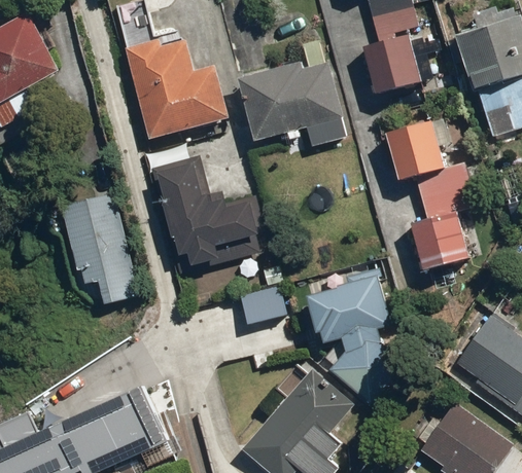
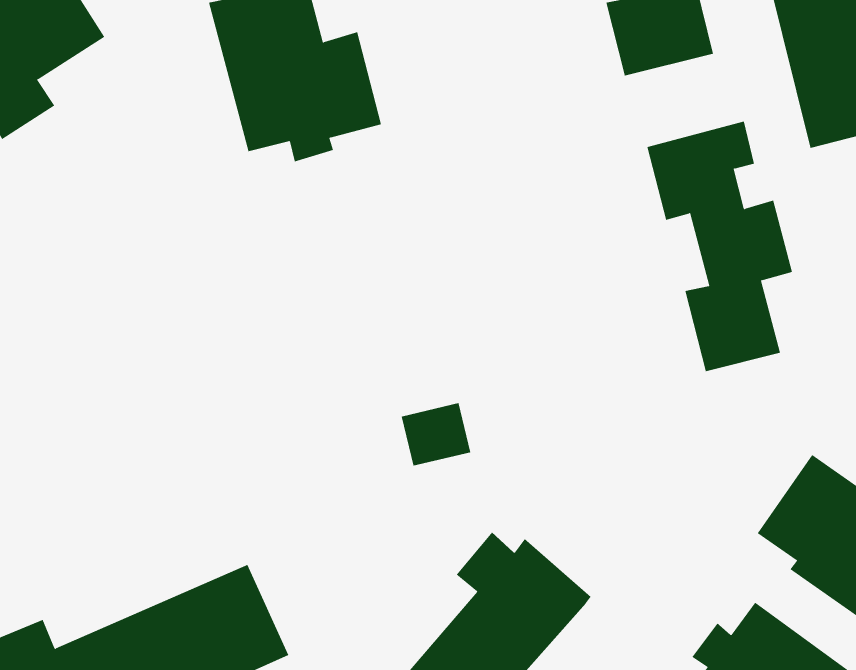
building: [238,62,347,149] -> none
building: [150,157,259,266] -> none
building: [61,192,137,305] -> none
building: [308,268,399,403] -> none

